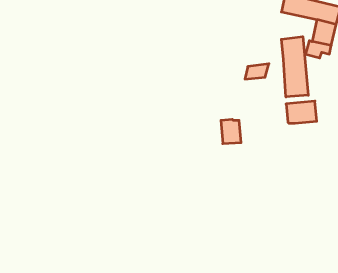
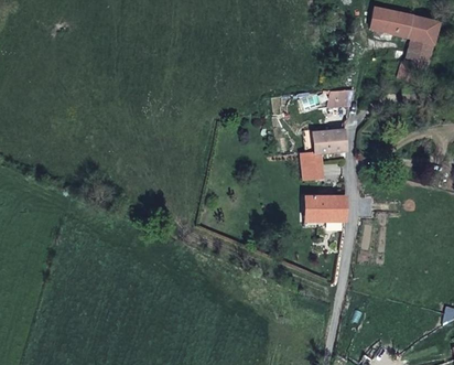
building: [281,37,308,97] -> none
building: [286,101,317,123] -> [312,128,347,153]
building: none -> [305,196,347,222]

